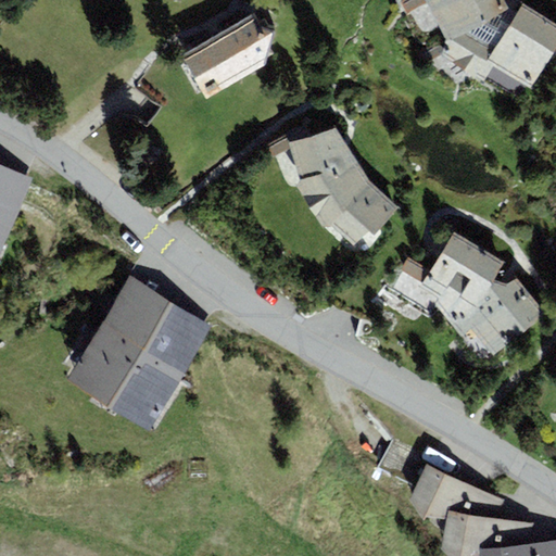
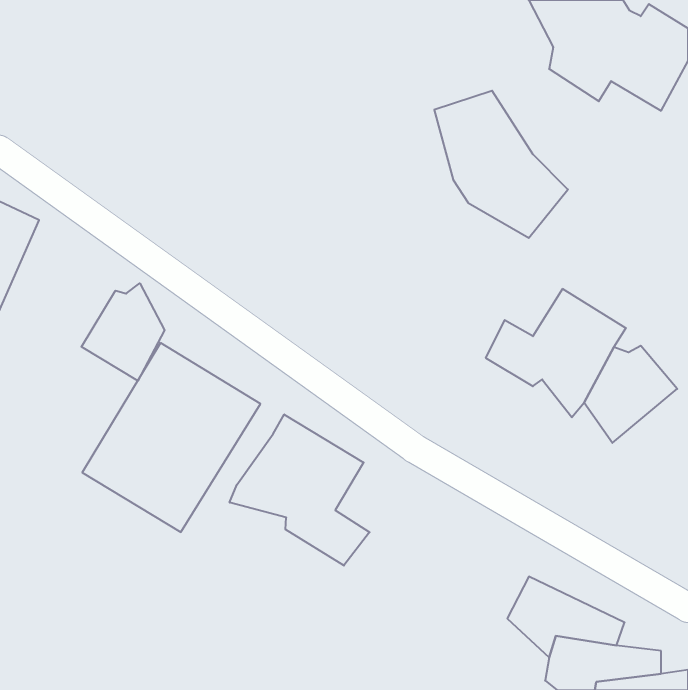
building: [181,13,275,98] -> none
building: [289,127,396,245] -> [434,91,568,238]
building: none -> [81,283,165,381]
building: none -> [230,414,370,566]

